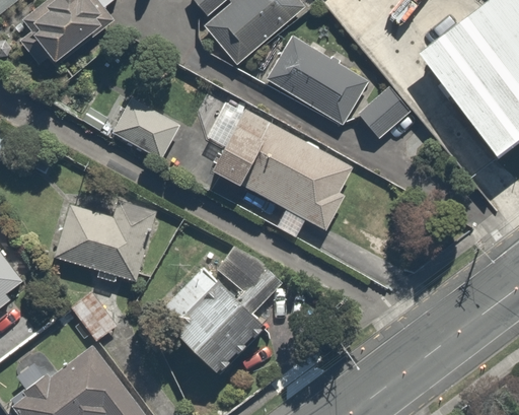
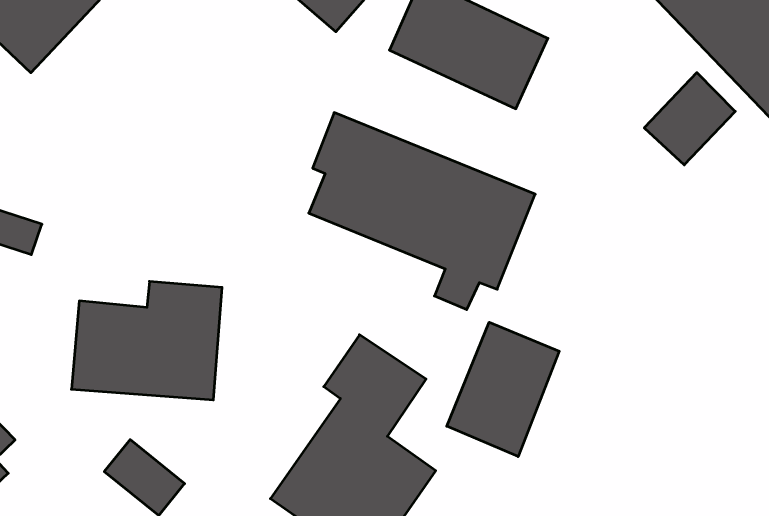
building: [356,89,411,143] -> [644,73,735,165]
building: [103,97,179,167] -> none
building: none -> [447,322,559,457]

